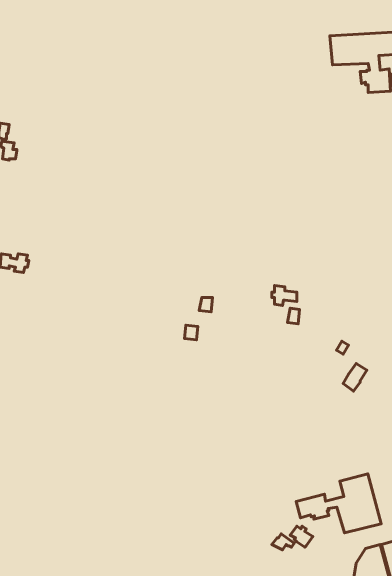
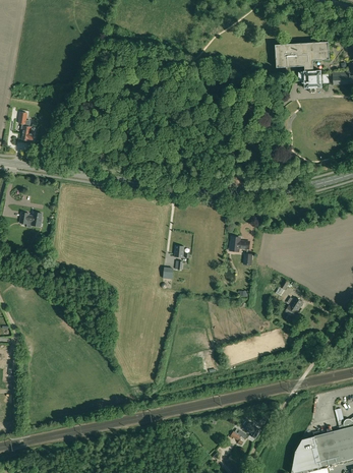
building: [296,474,381,533] -> none

